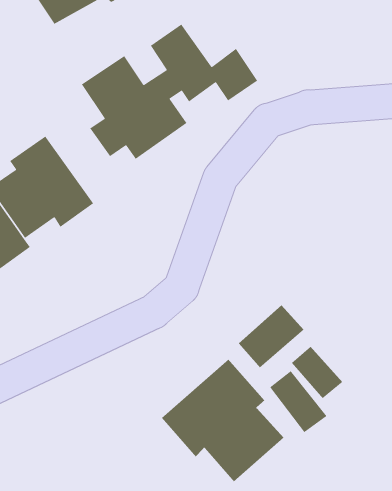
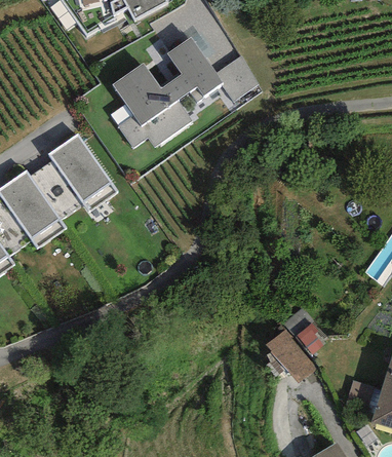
building: [238,304,305,368] -> none
building: [161,359,285,482] -> none

